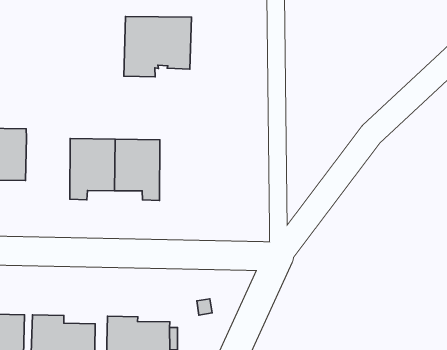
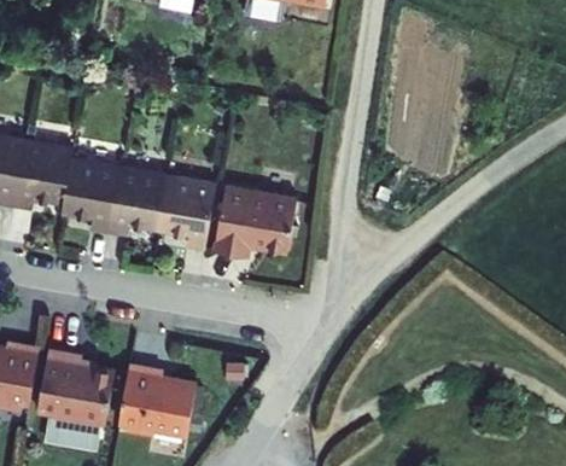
building: [124,17,192,77] -> [212,186,296,256]
building: none -> [60,158,118,232]

